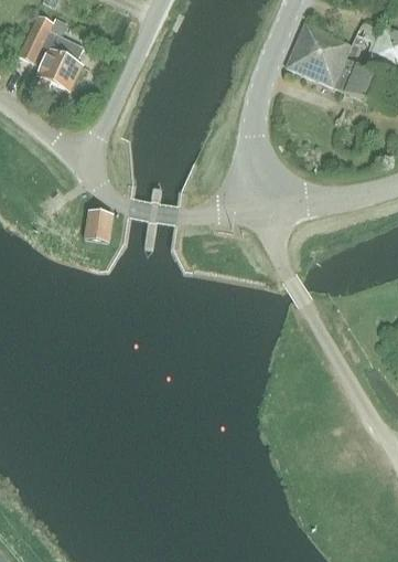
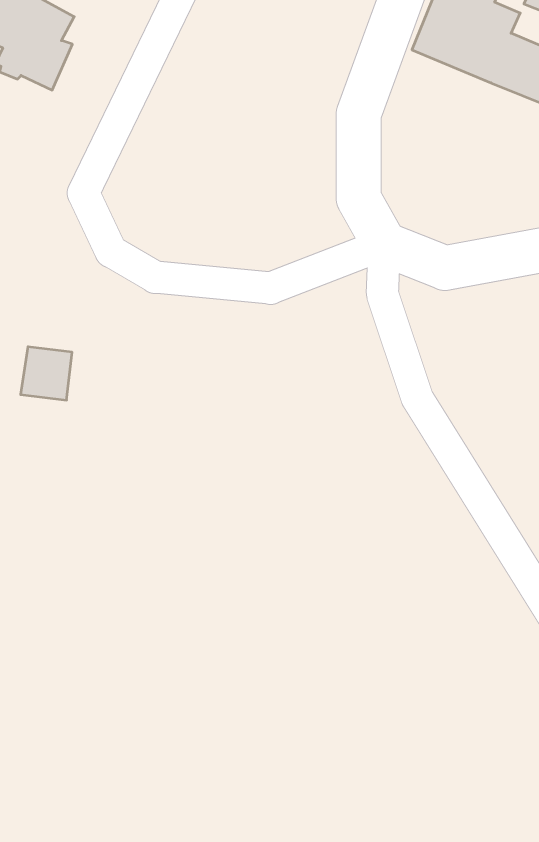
building: [83,210,114,242] -> [21,347,72,400]

